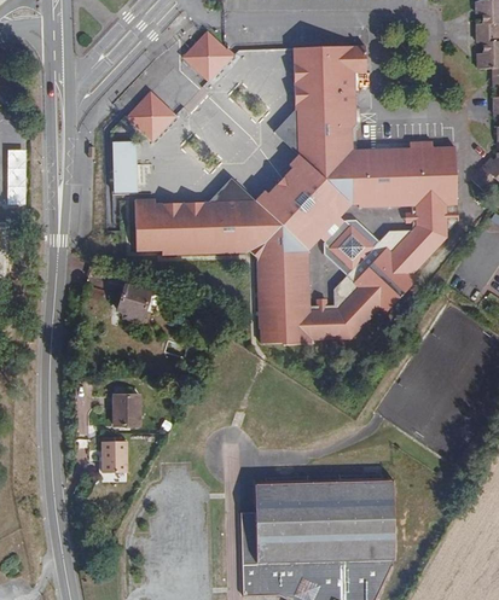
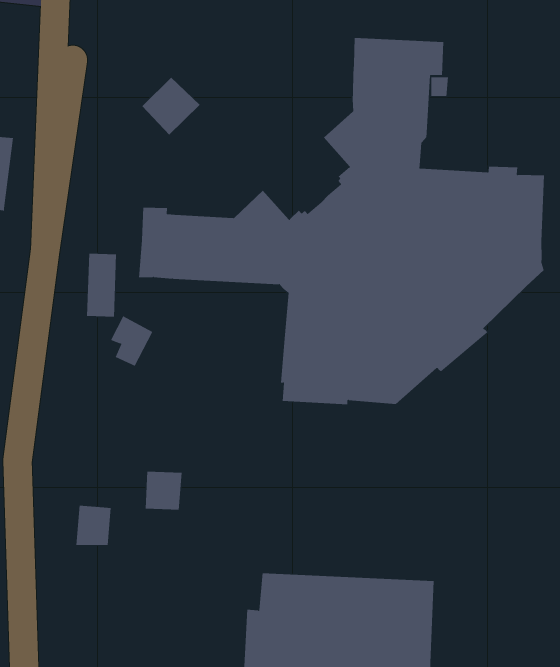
building: [182,34,237,85] -> none
building: [111,140,137,192] -> [86,253,117,317]
building: [112,394,141,425] -> [145,471,183,510]

